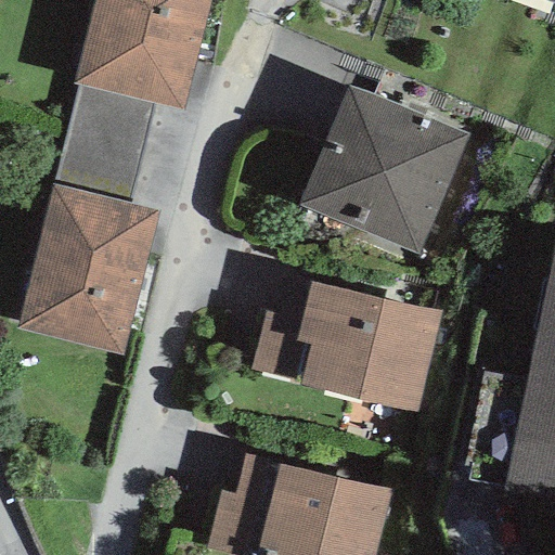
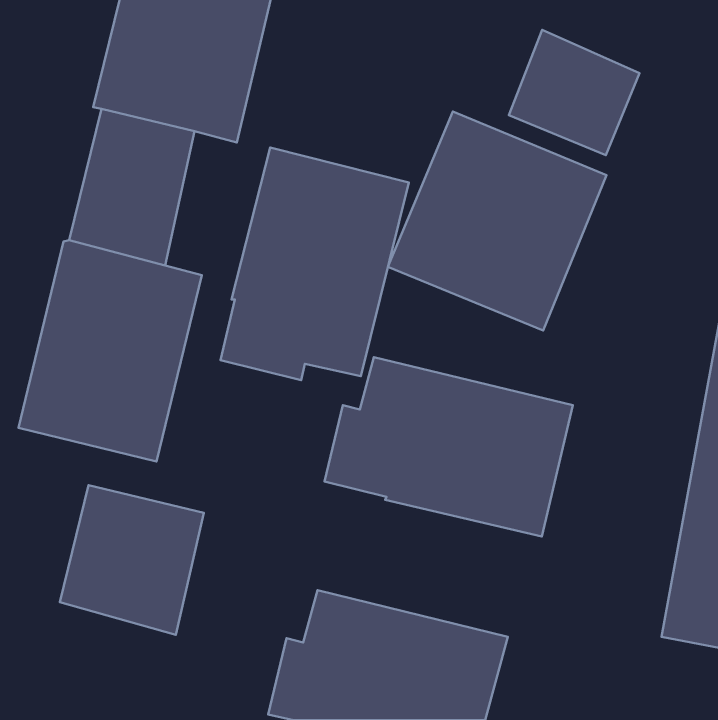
building: none -> [509,30,640,155]
building: none -> [220,148,409,380]
building: none -> [60,485,204,635]

